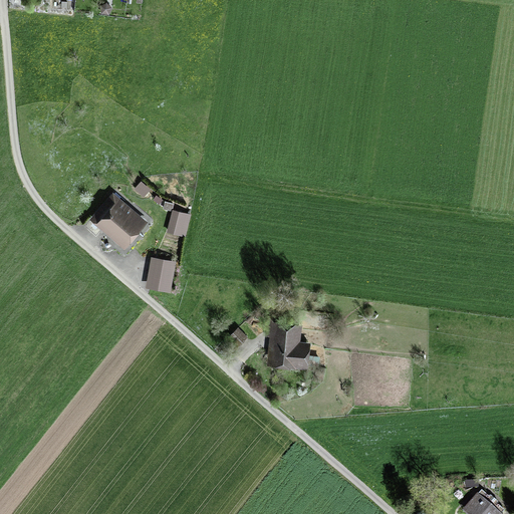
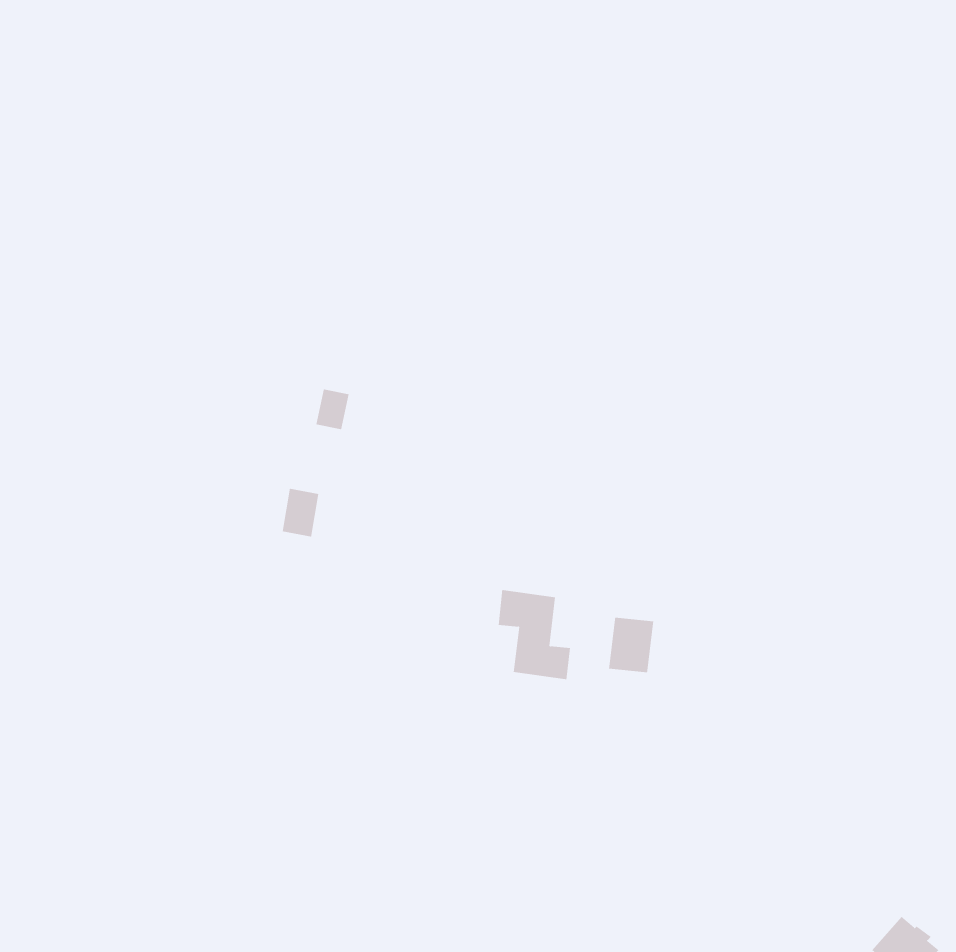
building: [96,199,145,245] -> none
building: none -> [609,617,654,673]

